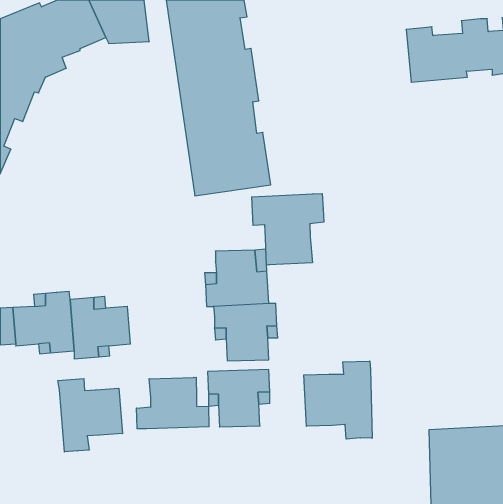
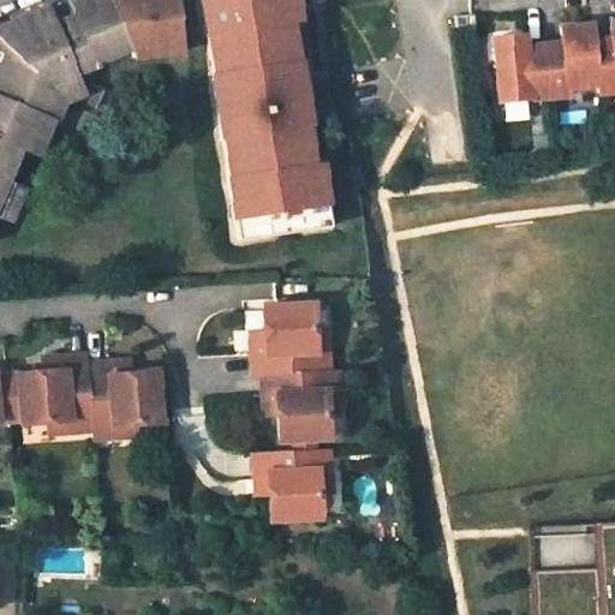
building: [252,194,324,265] -> none
building: [304,361,372,439] -> none
building: [137,377,209,429] -> none
building: [58,379,122,452] -> none

